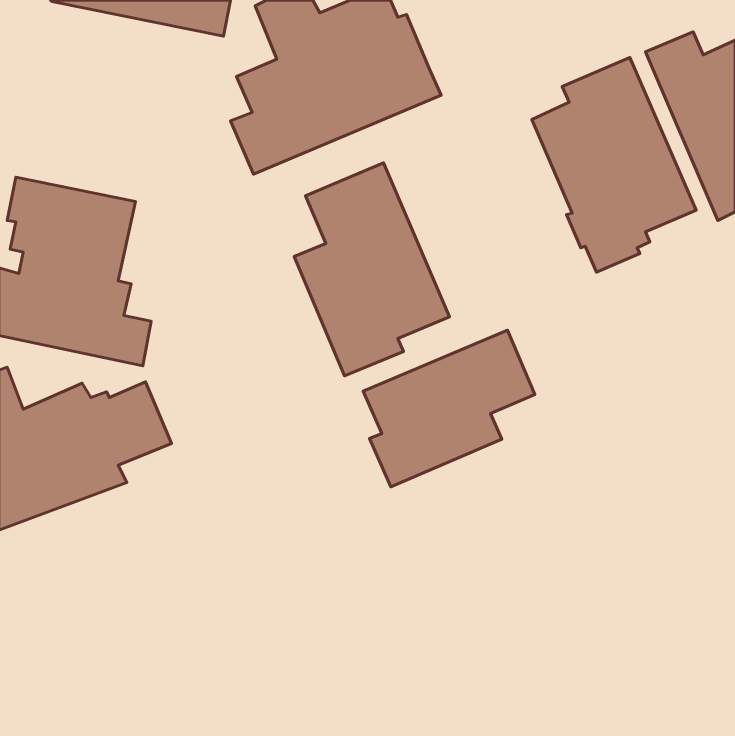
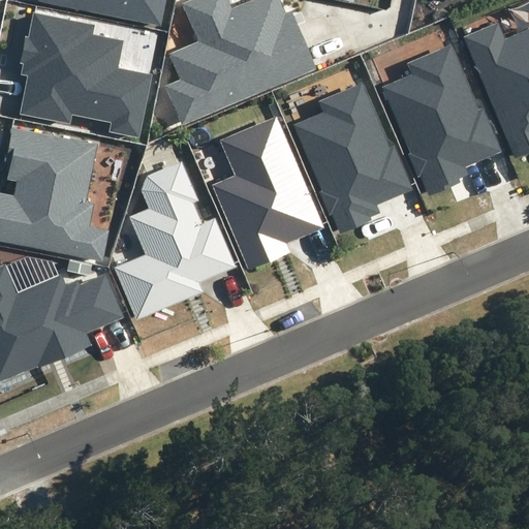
building: none -> [19,12,151,138]
building: none -> [291,82,413,234]
building: none -> [113,160,236,320]
building: [363,330,535,487] -> none

